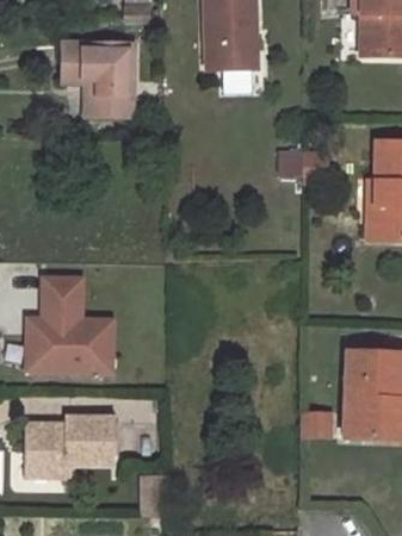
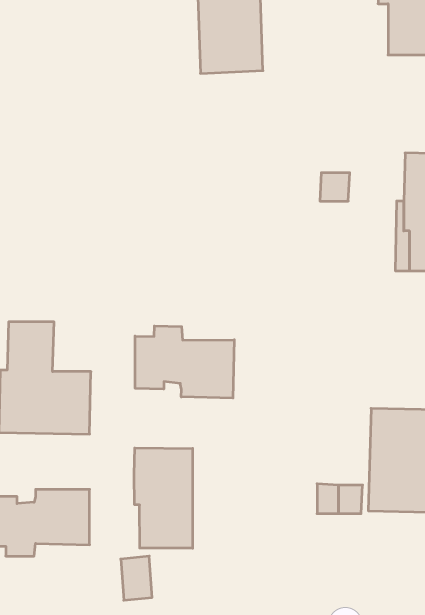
building: [61,43,131,118] -> none
building: none -> [135,326,234,398]
building: none -> [134,448,193,548]

